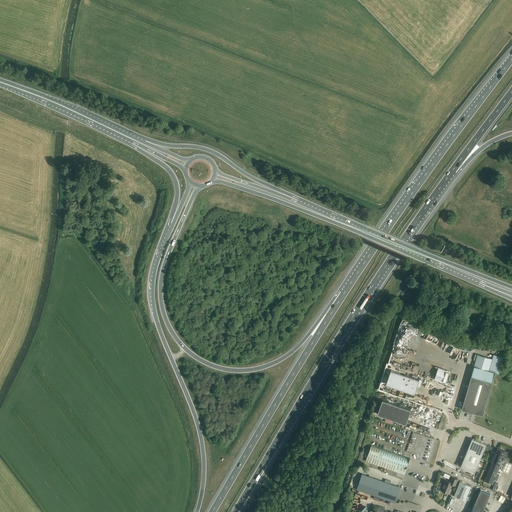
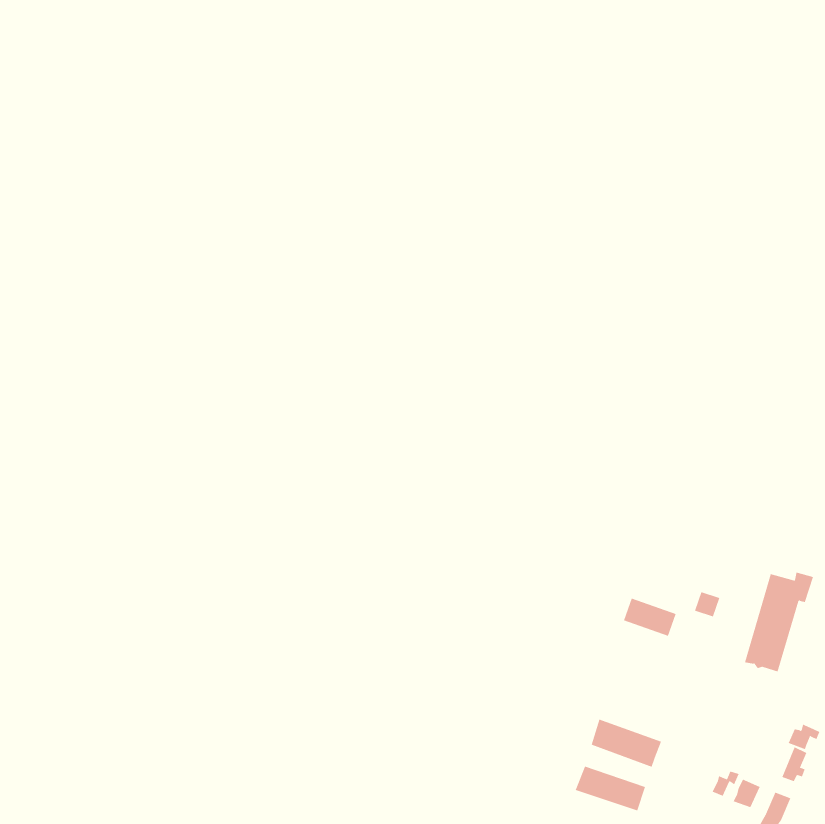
building: [377,401,410,425] -> none
building: [460,440,486,474] -> none

